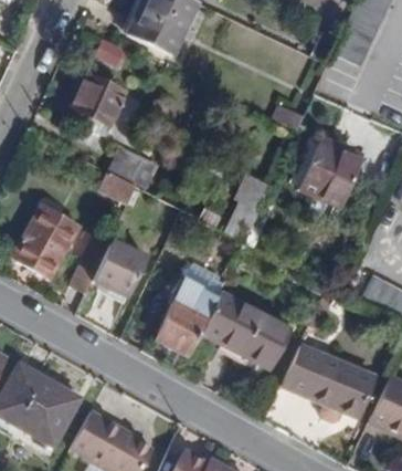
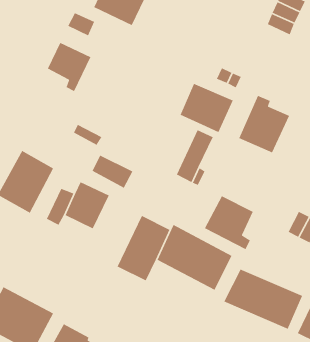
building: none -> [180,83,234,133]
building: [109,146,159,187] -> [92,154,133,189]
building: none -> [204,195,254,250]

